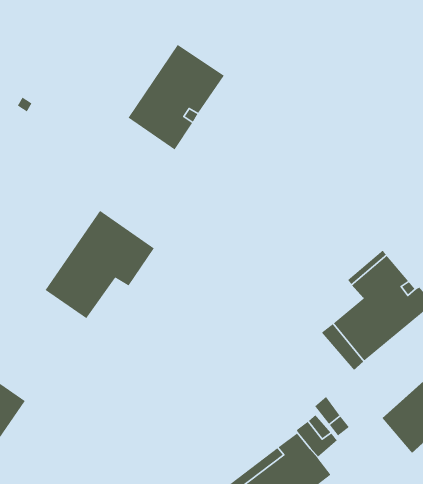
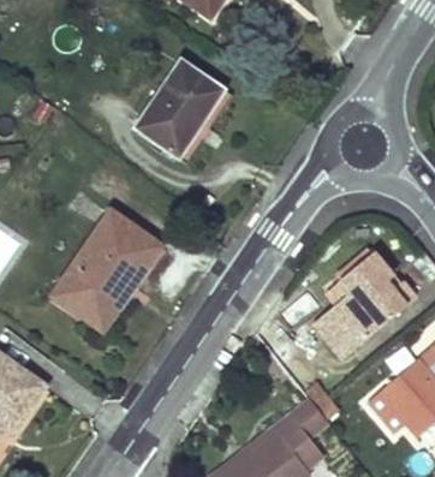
building: none -> [53,274,137,330]

